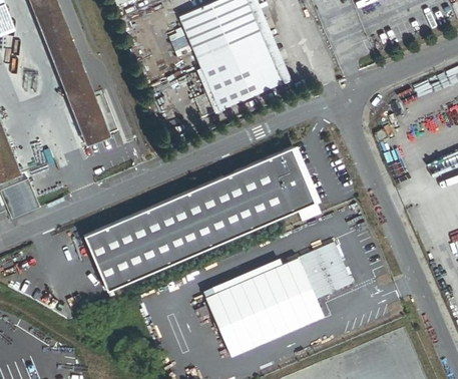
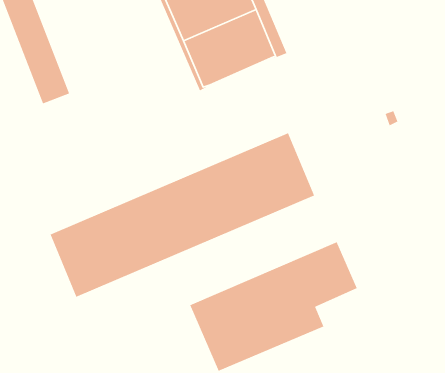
building: [78,115,111,148] -> none

